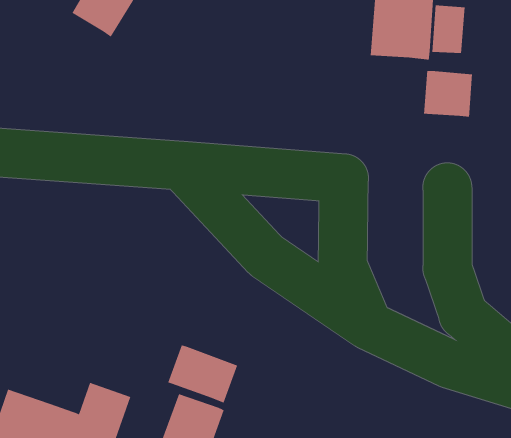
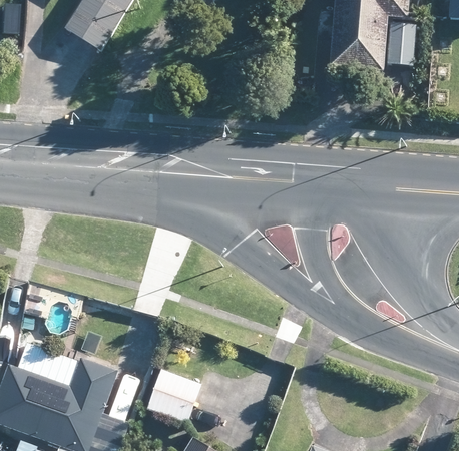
building: [424,70,472,117] -> none
building: [167,344,238,403] -> none

